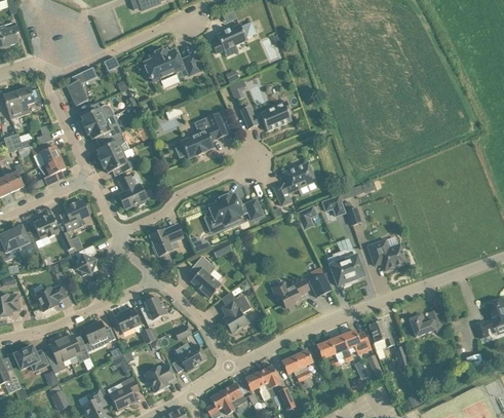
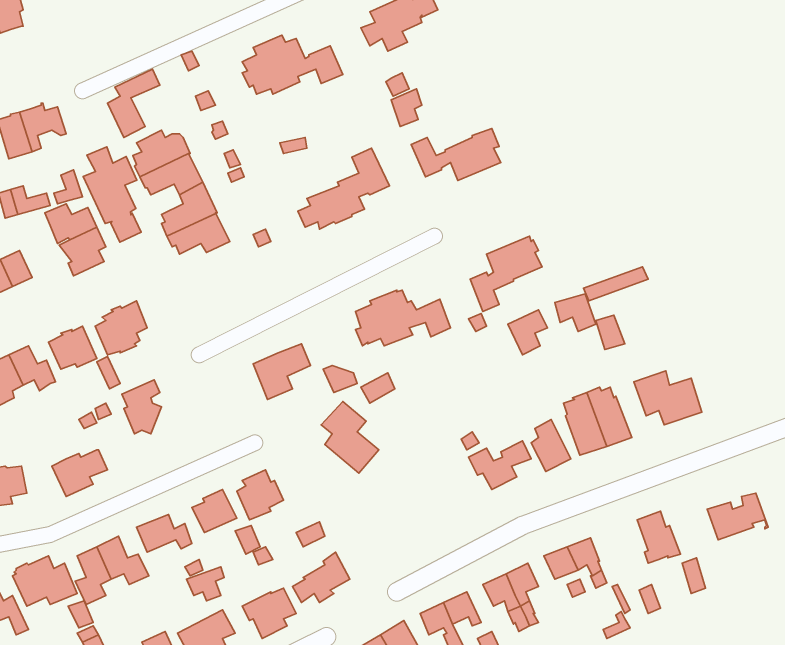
building: none -> [83,147,141,242]
building: [117,175,147,210] -> none
building: [221,294,249,333] -> none
building: [342,330,371,356] -> none

